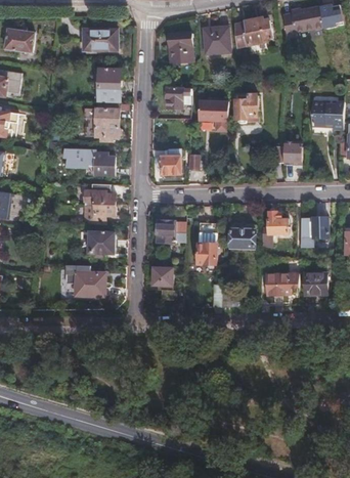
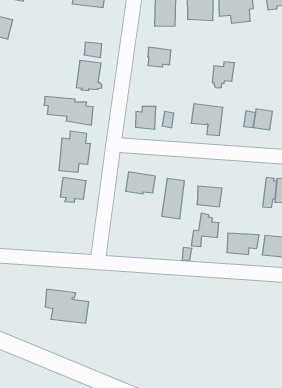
building: [98,68,122,88] -> none
building: [196,99,228,130] -> [191,104,223,136]
building: [261,209,288,244] -> [191,213,219,247]
building: [60,264,105,296] -> [45,289,89,323]
building: [152,266,172,297] -> none

